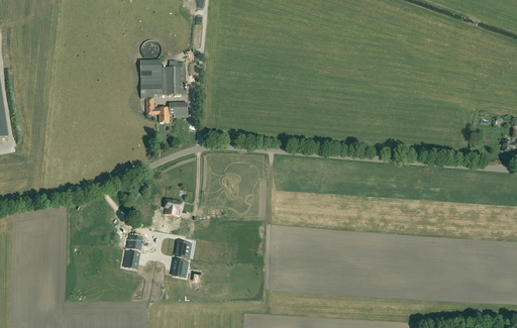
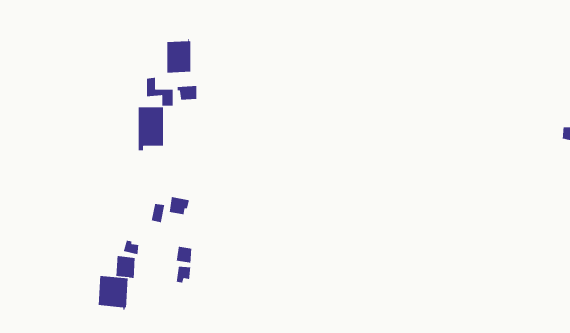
building: [141,60,164,98] -> [138,106,164,151]
building: none -> [98,275,128,310]

